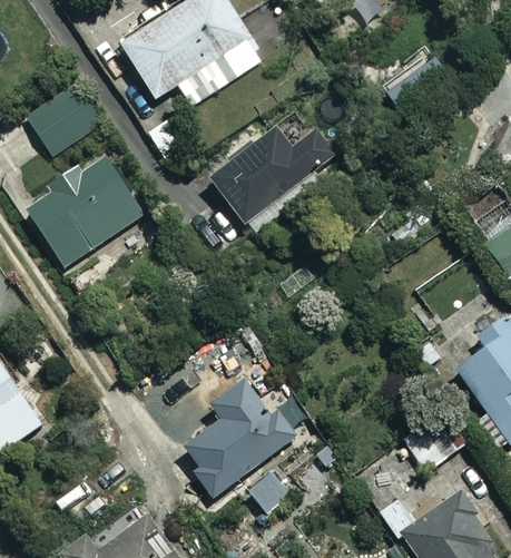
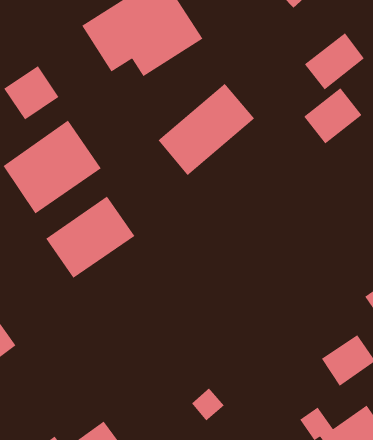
building: none -> [303,87,362,145]
building: none -> [45,196,135,279]
building: [185,381,297,498] -> none

